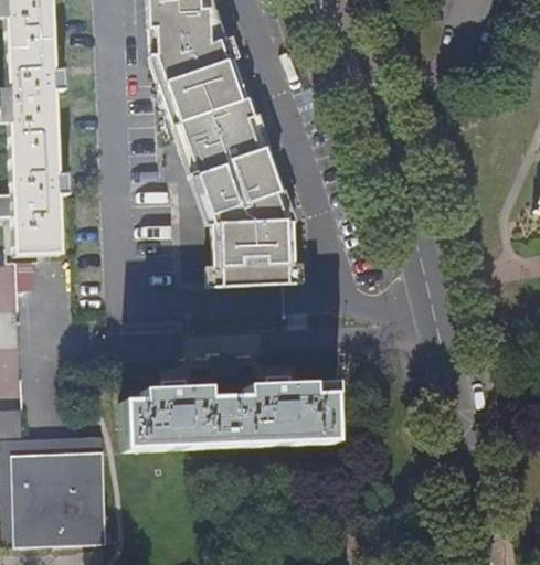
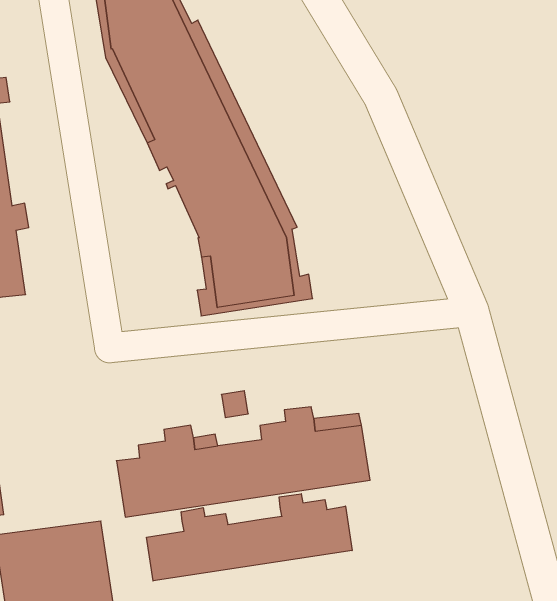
building: none -> [147,494,352,581]

